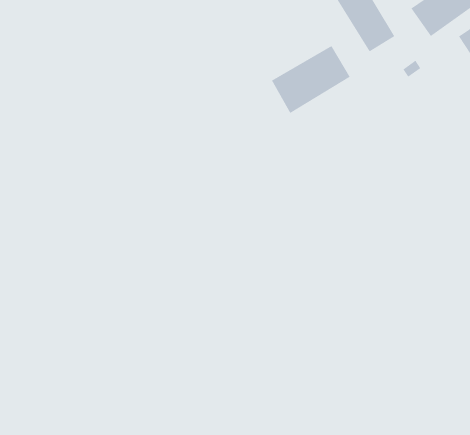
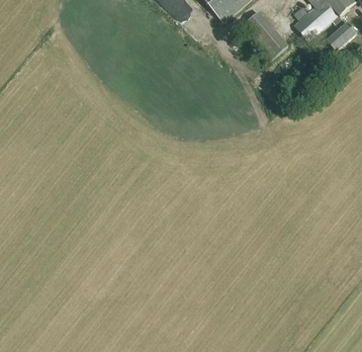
building: [271,45,351,114] -> none

